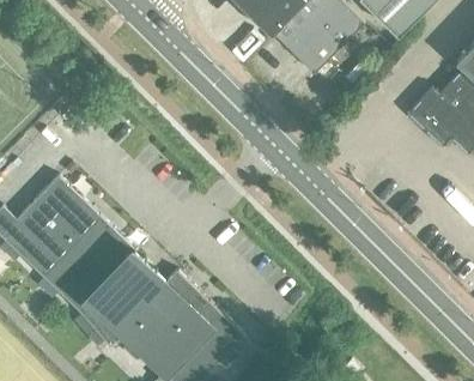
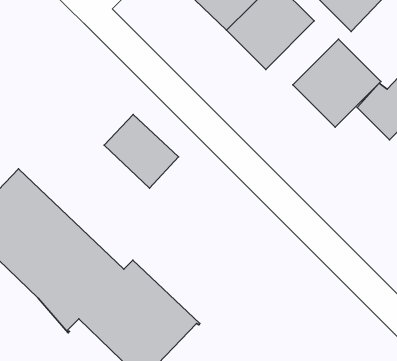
building: none -> [293,39,381,127]
building: none -> [104,115,179,188]

